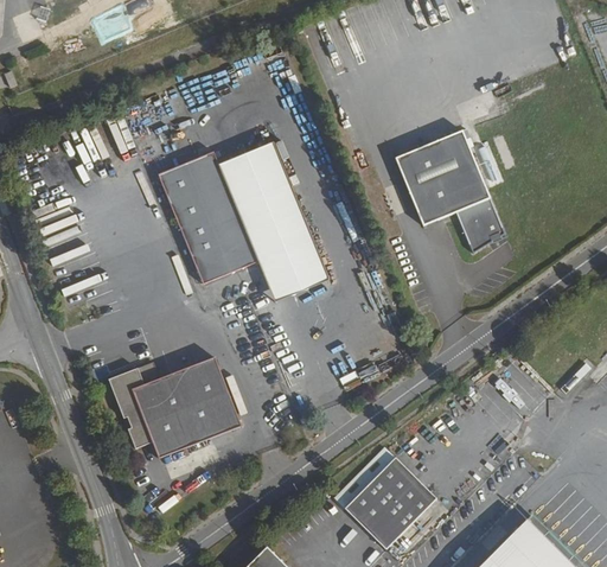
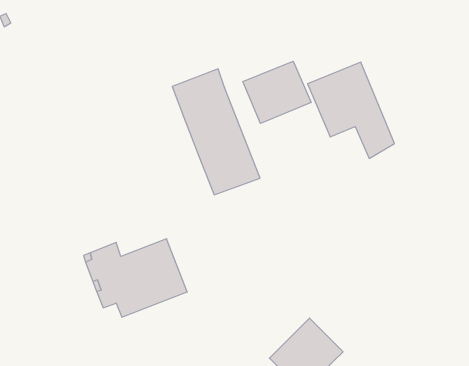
building: none -> [243,61,311,123]
building: [159,149,257,281] -> none

